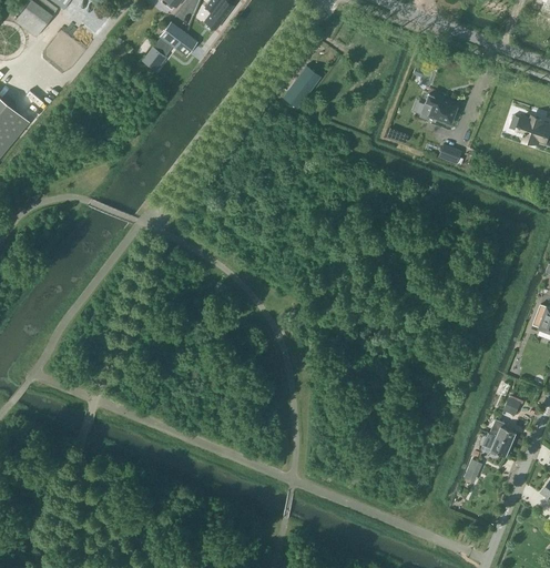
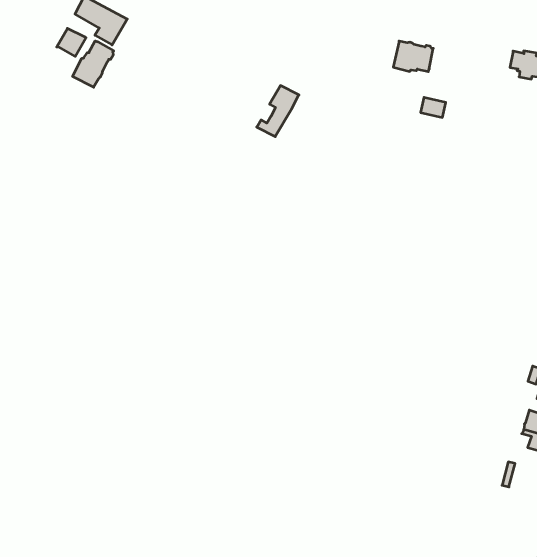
building: none -> [73,41,114,87]
building: [282,65,320,108] -> [257,86,299,137]

